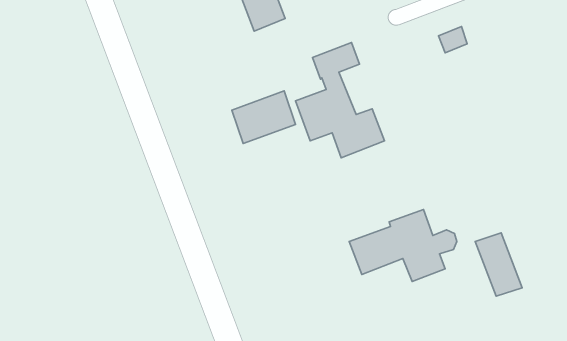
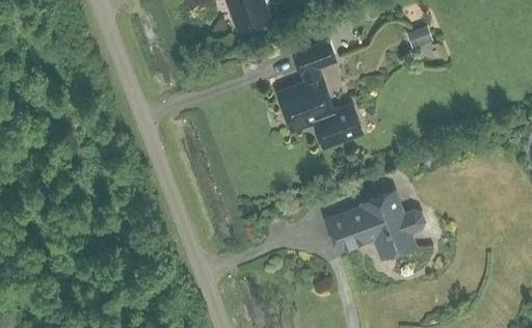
building: [232,91,295,144] -> none
building: [475,233,522,296] -> none

